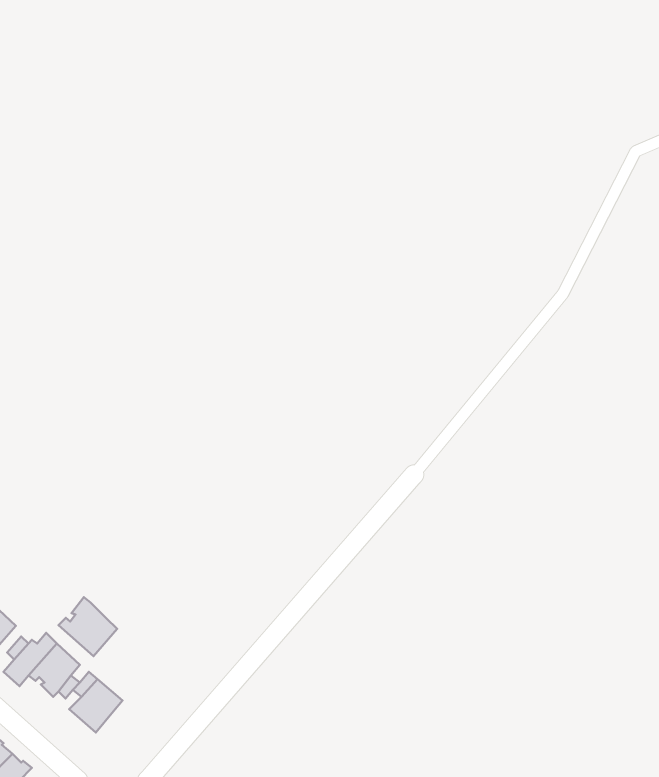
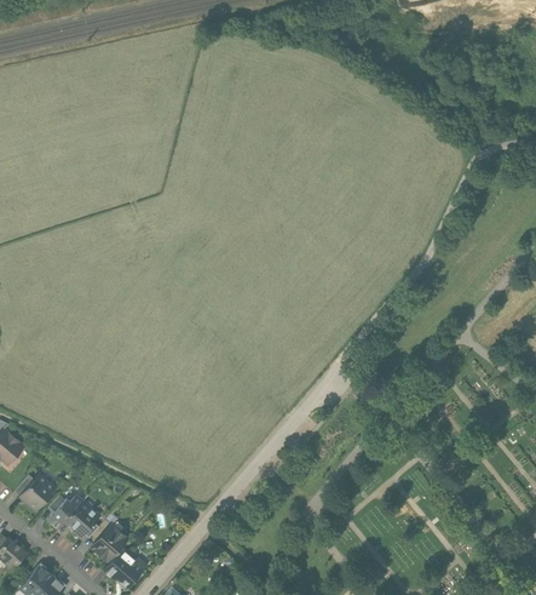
building: [58,597,117,656] -> none
building: none -> [103,548,143,587]

